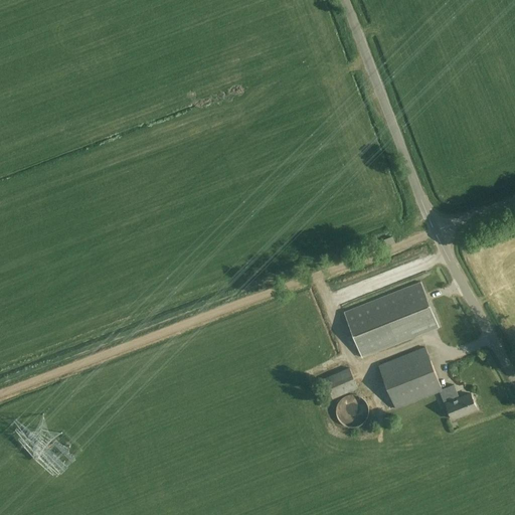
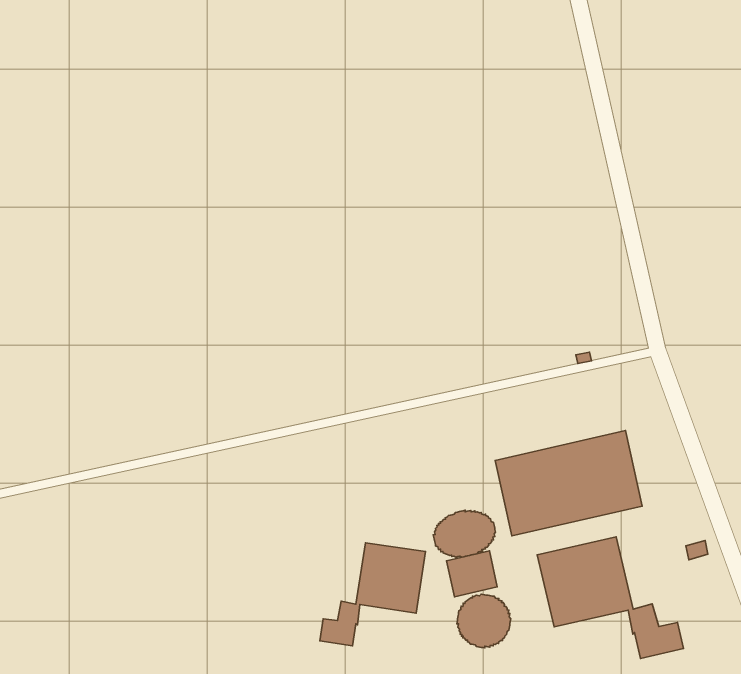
building: none -> [433,510,496,557]
building: none -> [320,543,426,646]

